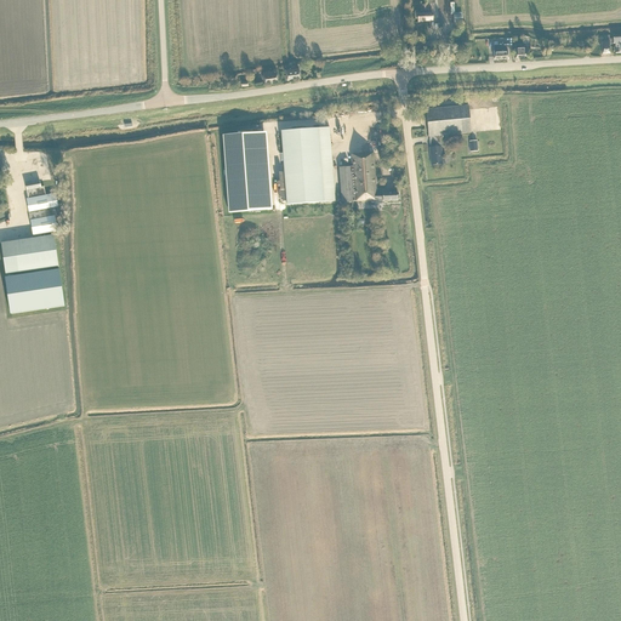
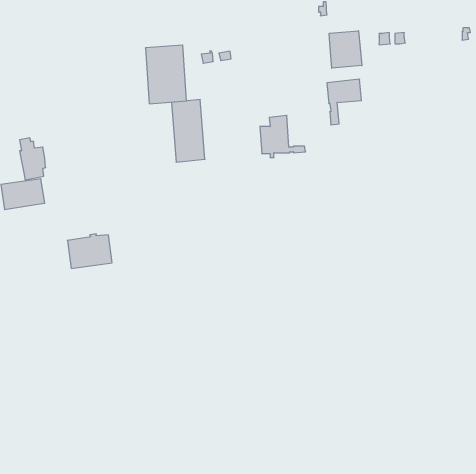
building: none -> [329,31,362,68]
building: [281,126,335,203] -> [145,45,186,104]
building: [6,267,64,312] -> [67,234,112,268]

